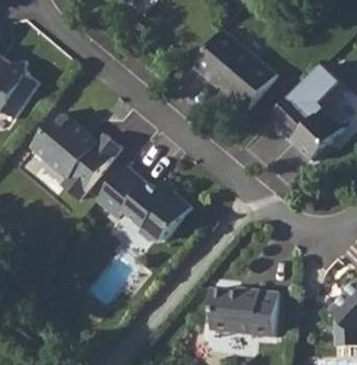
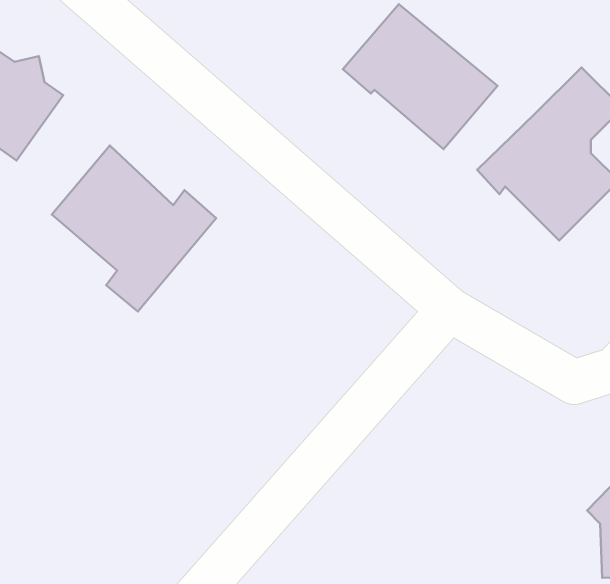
building: [96,165,191,242] -> none
building: [208,290,279,338] -> none

